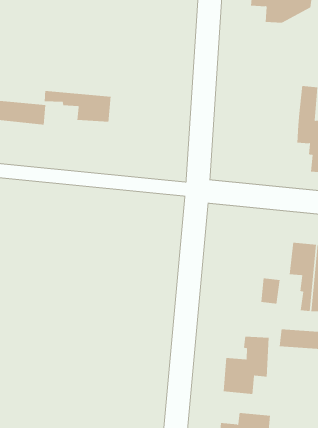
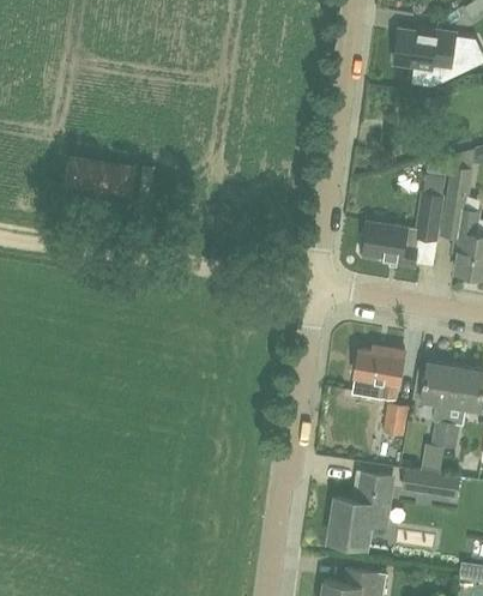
building: [44,90,111,122] -> none
building: none -> [358,175,445,266]
building: none -> [354,345,404,401]

